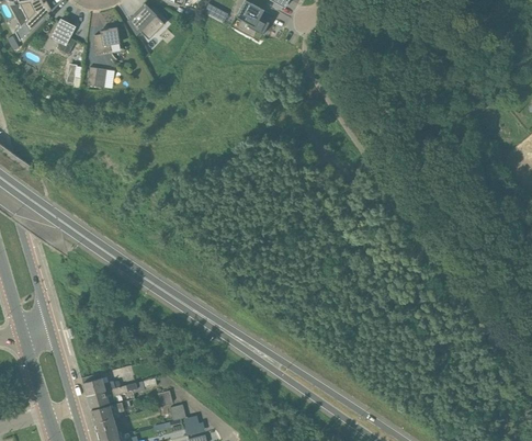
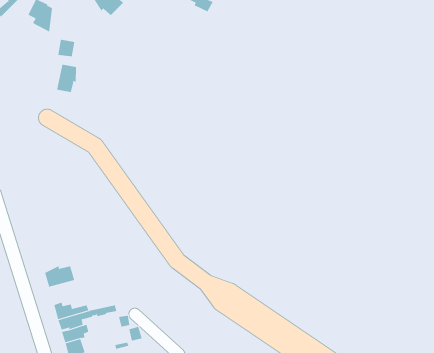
building: [92,27,120,54] -> none
building: none -> [57,64,77,93]
building: none -> [44,265,75,288]

